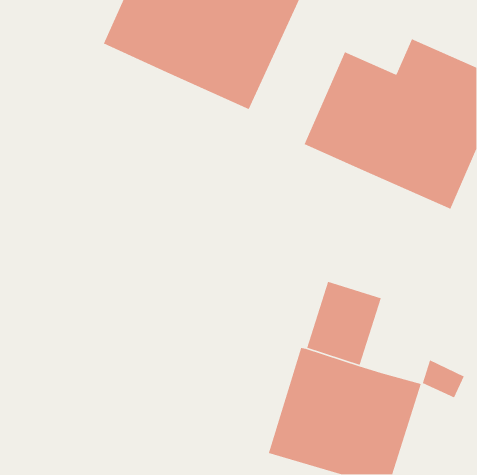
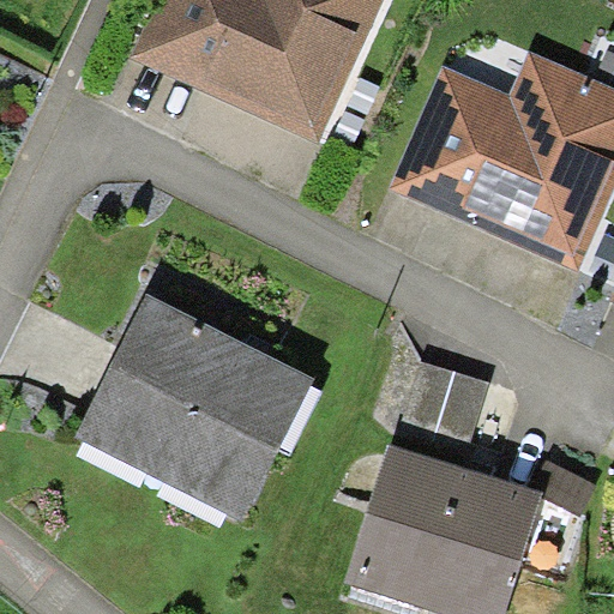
building: none -> [74,296,314,523]

